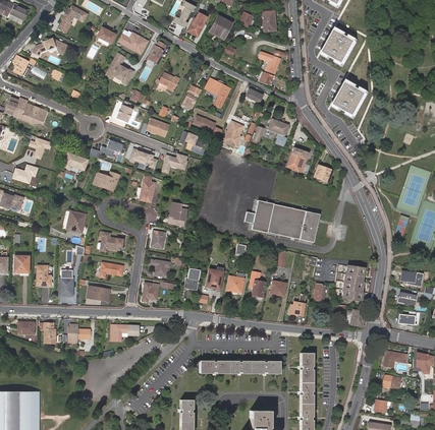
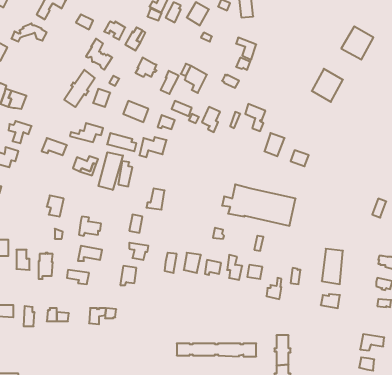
building: [323,29,356,63] -> [341,26,373,60]
building: none -> [64,70,95,107]
building: none -> [98,152,123,190]

